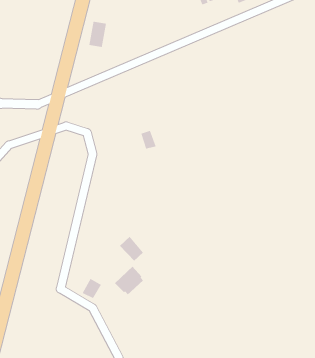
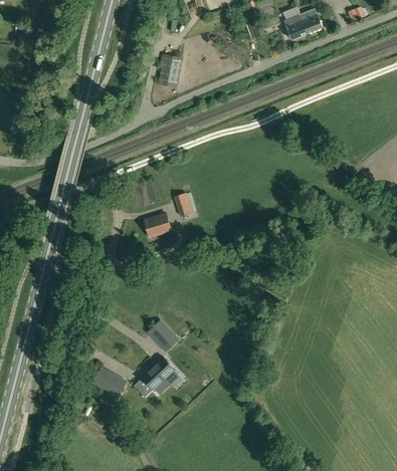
building: [89,21,107,48] -> [159,53,181,85]
building: none -> [144,212,170,234]

